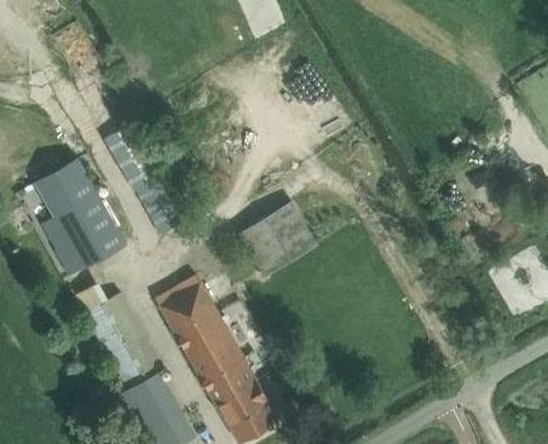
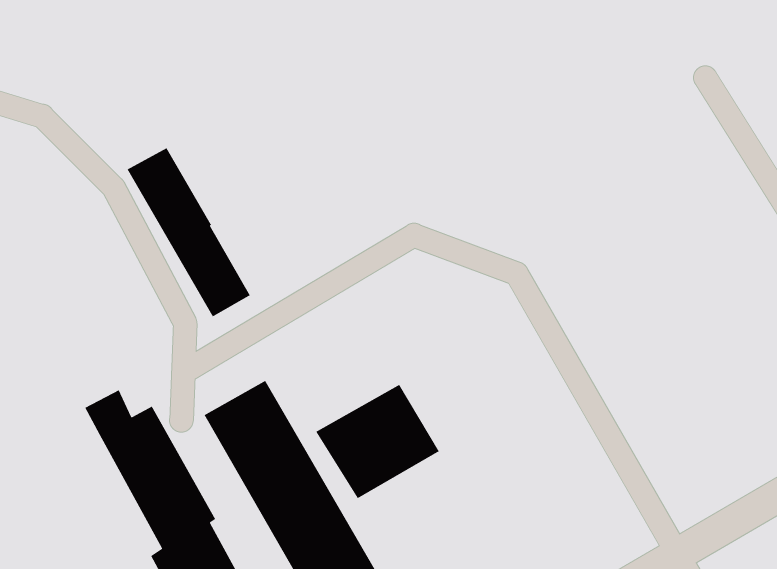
building: [34,161,123,281] -> none
building: [235,202,317,278] -> [315,384,440,499]

